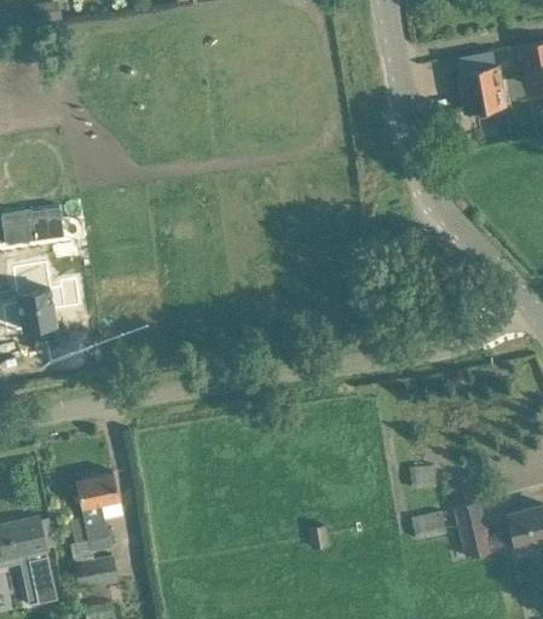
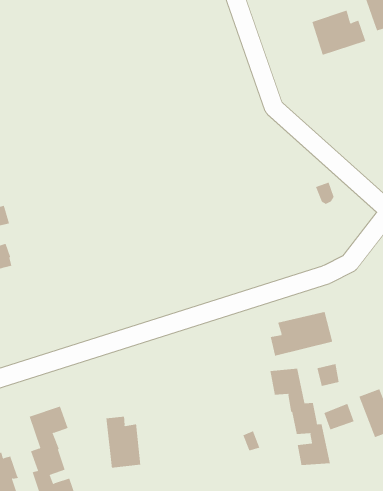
building: none -> [270,311,333,357]
building: none -> [270,368,330,466]
building: none -> [106,416,141,469]

